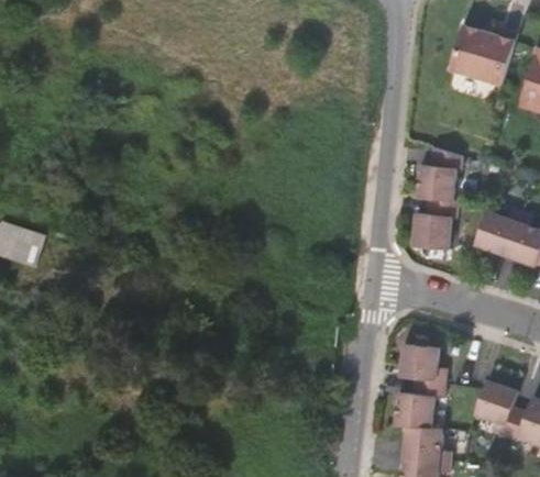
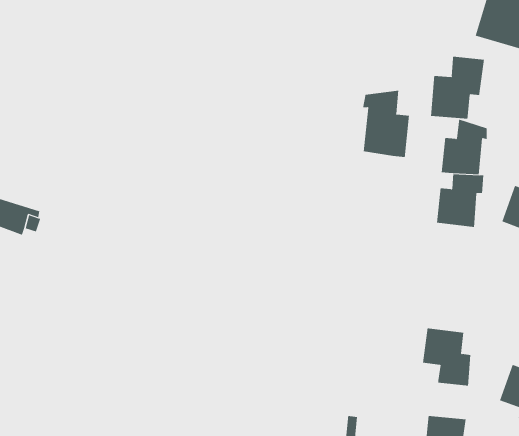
building: none -> [430,56,484,120]
building: none -> [362,90,410,158]
building: [394,392,443,430] -> none

